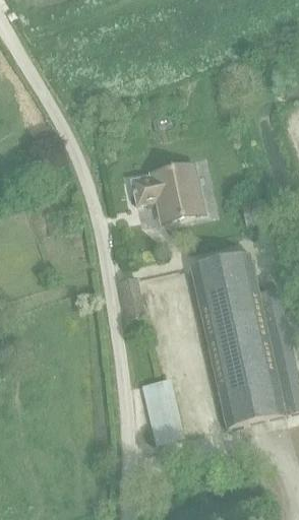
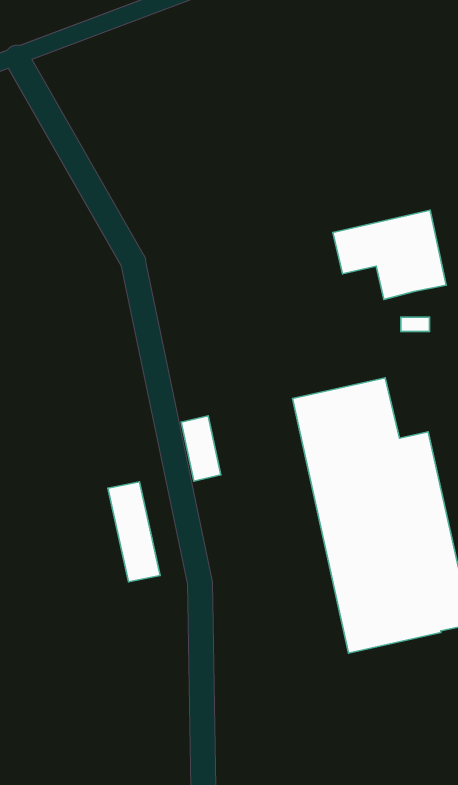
building: [131,162,203,219] -> [333,210,446,299]
building: [142,378,176,442] -> [108,482,160,582]

